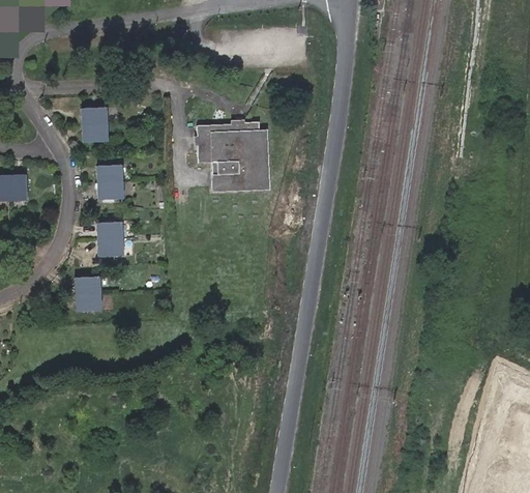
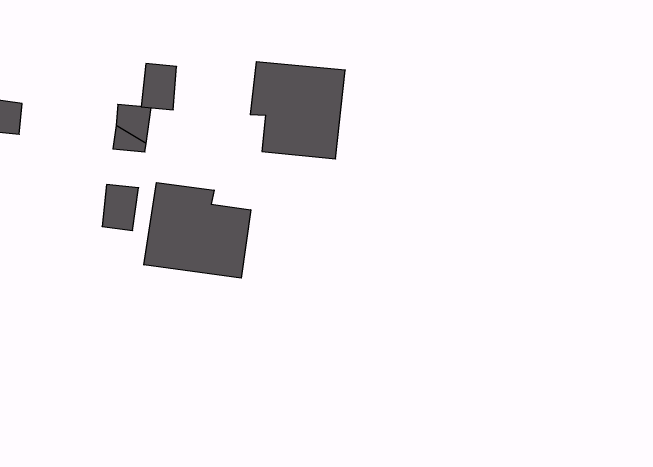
building: [81,111,106,144] -> [141,64,177,110]
building: none -> [144,183,251,278]
building: [77,280,101,312] -> none

